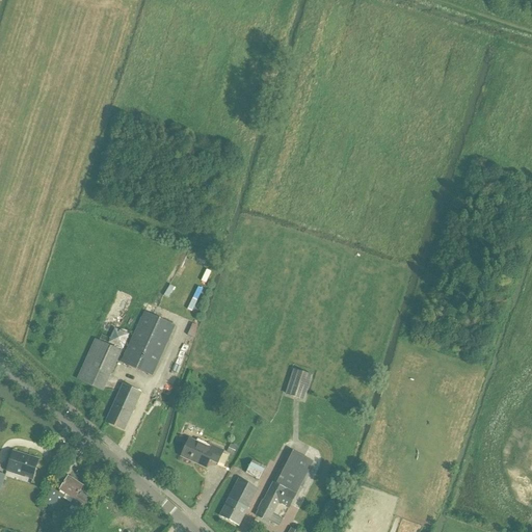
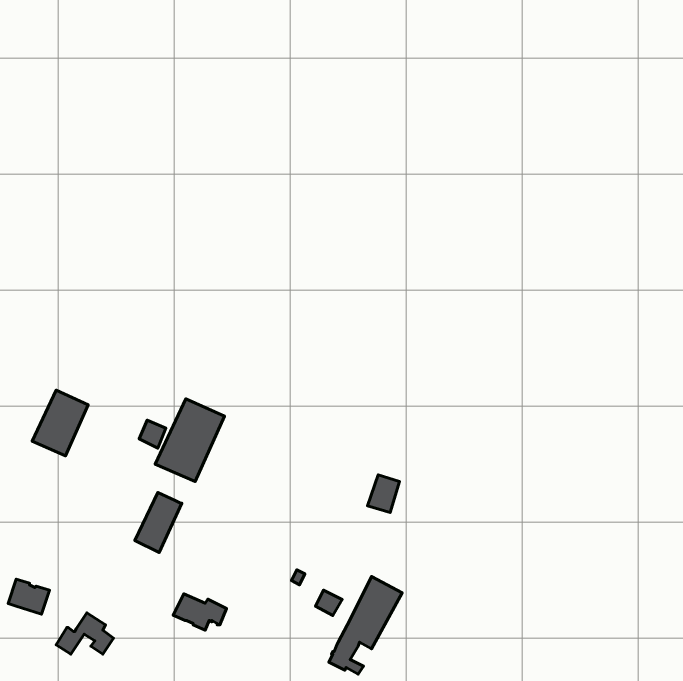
building: [77,338,121,389] -> [32,390,88,456]
building: [181,437,222,466] -> [173,594,227,630]
building: [219,477,258,524] -> none

